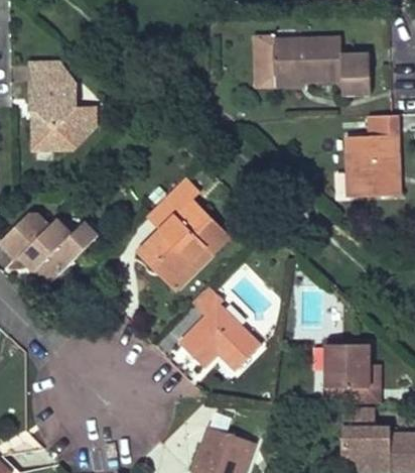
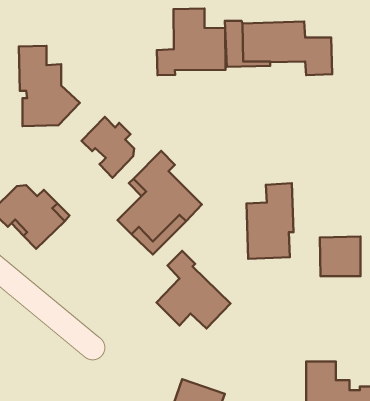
building: none -> [157,8,226,75]
building: [347,115,398,198] -> [246,183,294,259]
building: none -> [82,117,134,178]
building: [325,344,370,387] -> [320,237,360,276]

